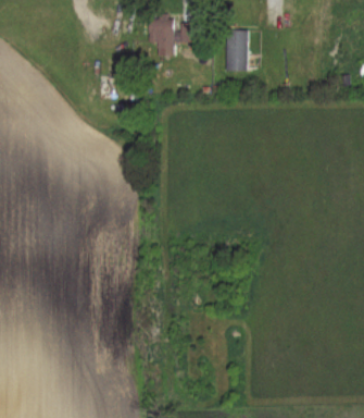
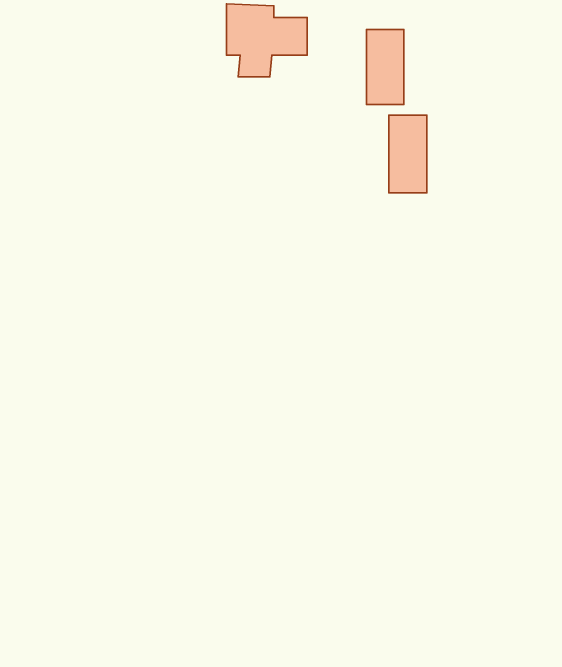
building: none -> [389,115,427,193]

